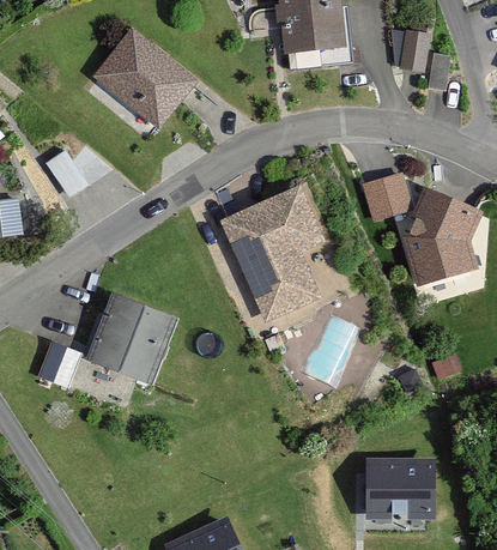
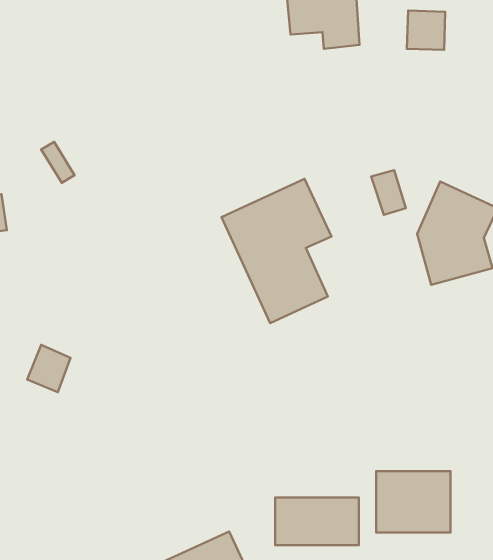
building: [93,29,194,126] -> none
building: [86,295,174,382] -> none
building: none -> [275,498,359,545]

